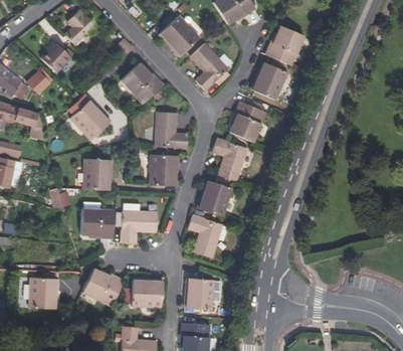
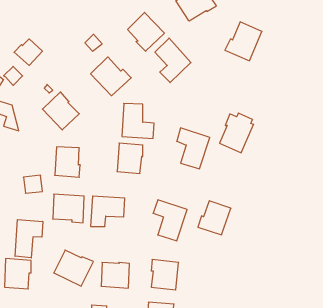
building: [63,10,96,46] -> none
building: [251,62,287,100] -> none
building: [230,100,266,142] -> [220,113,254,153]
building: [198,180,233,216] -> [198,201,231,235]
building: none -> [15,220,43,258]

